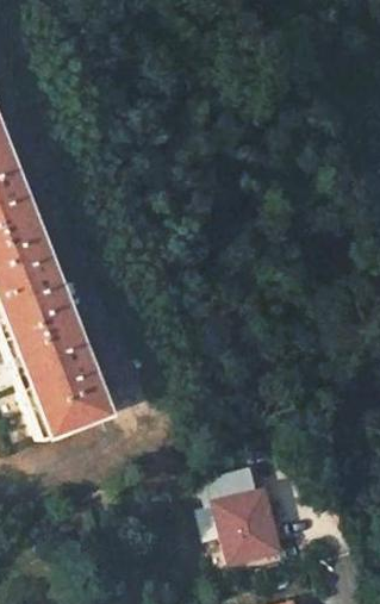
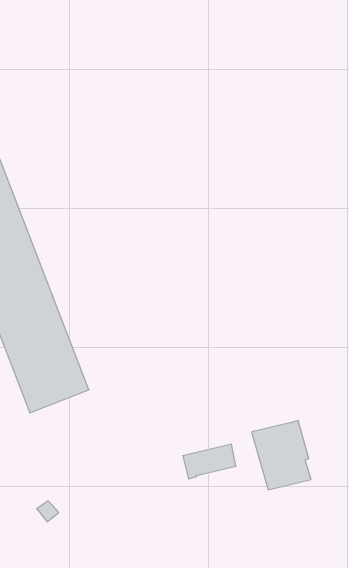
building: [222,490,282,561] -> [252,420,311,490]

